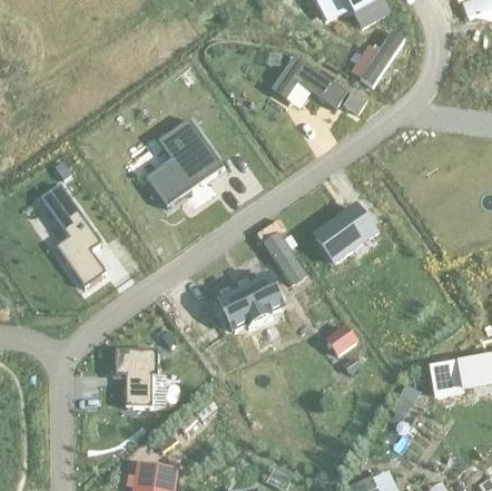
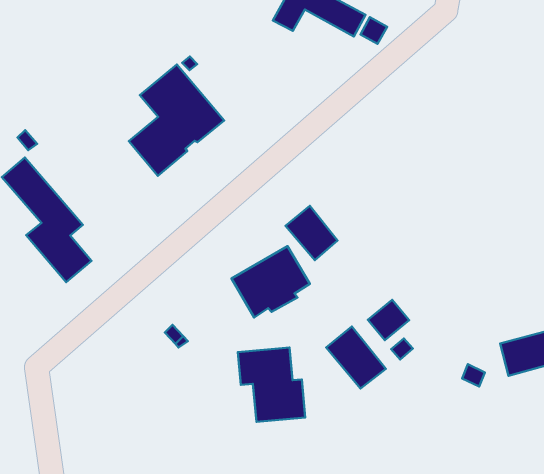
building: [314,206,372,261] -> none
building: none -> [326,326,386,388]
building: [114,347,164,405] -> [238,348,305,422]

